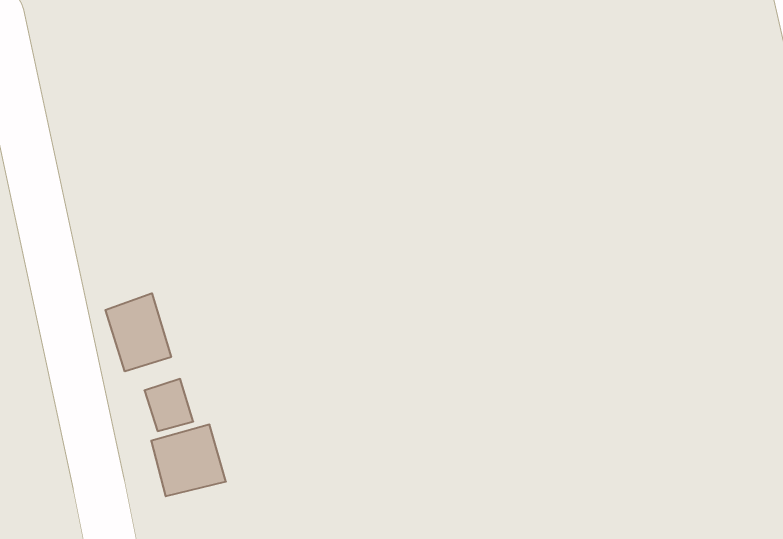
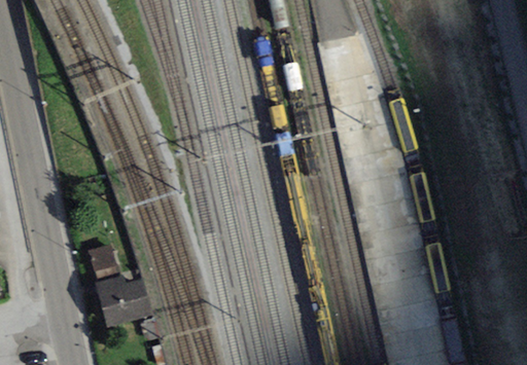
building: [105,293,171,371] -> none

